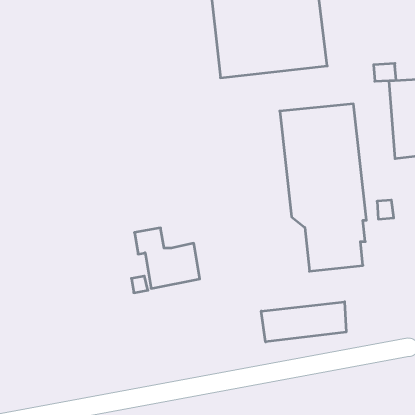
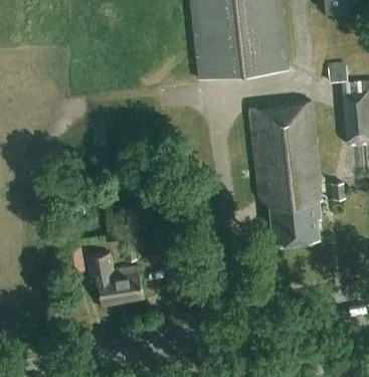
building: [134,228,200,288] -> [87,252,143,304]
building: [261,302,346,342] -> none

